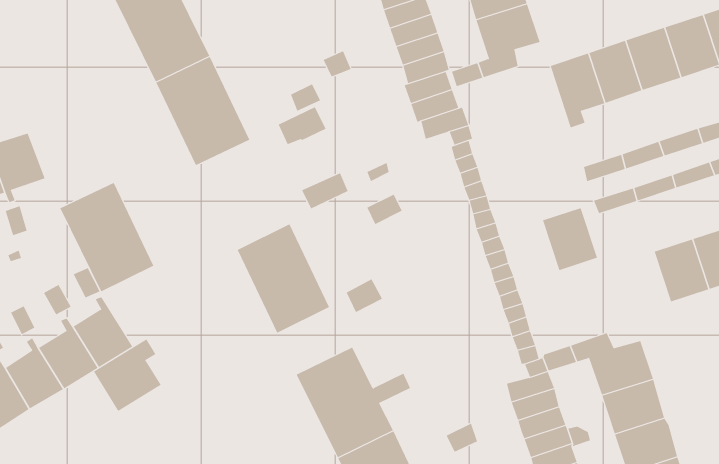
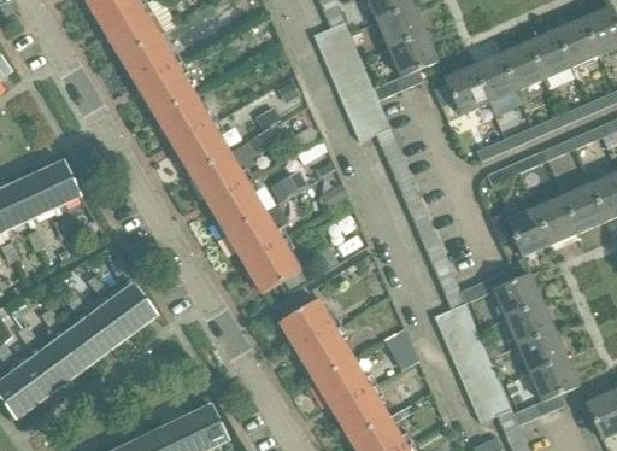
building: [59,182,154,292] -> [192,152,265,234]
building: [542,207,598,271] -> [507,207,551,256]
building: [93,338,161,412] -> none

